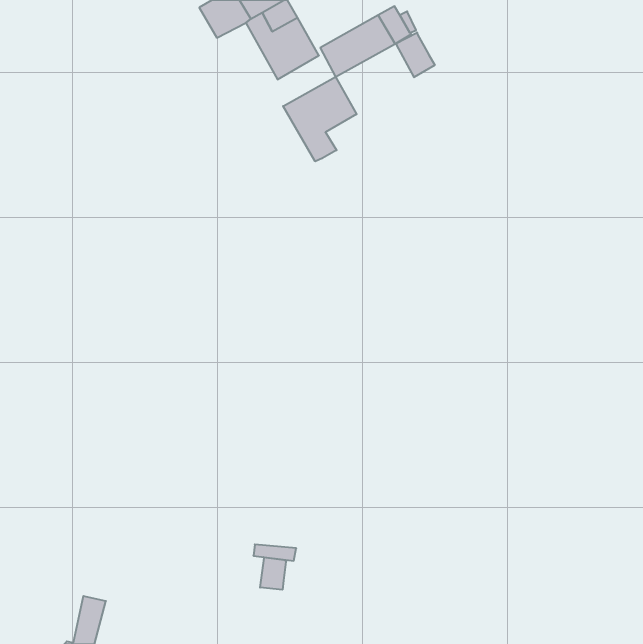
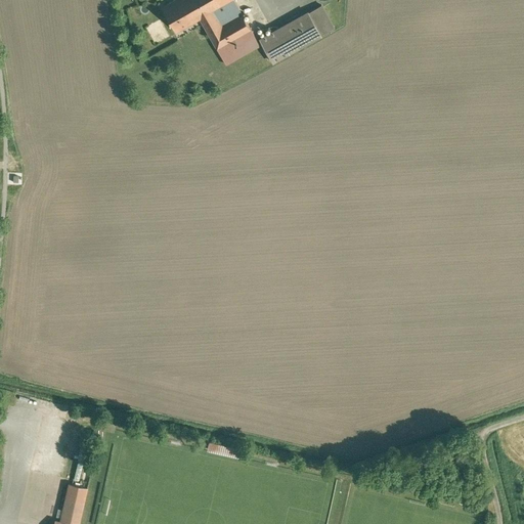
building: [395,32,435,77] -> none
building: [283,77,357,161] -> none
building: [260,557,286,590] -> none

